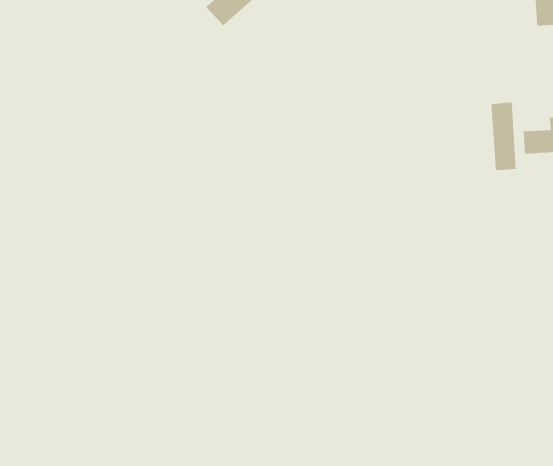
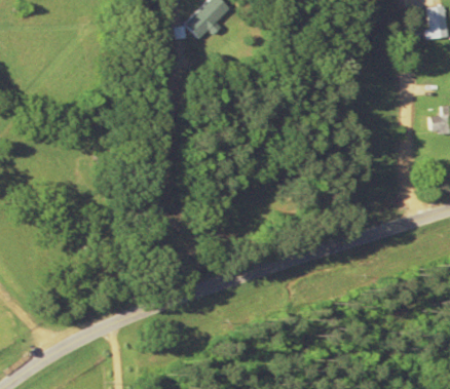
building: [491,101,516,171] -> none

